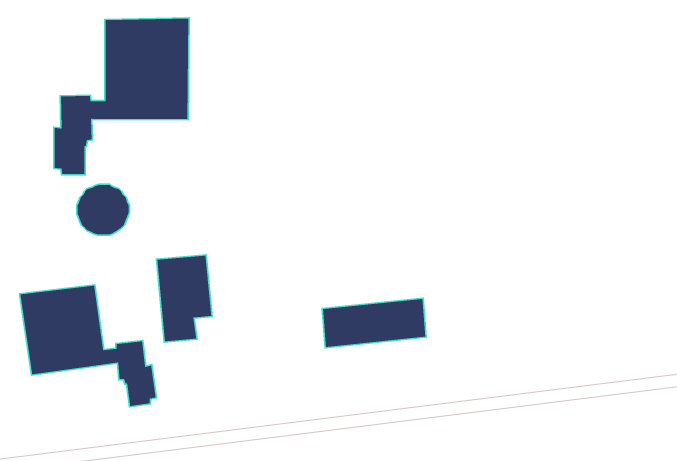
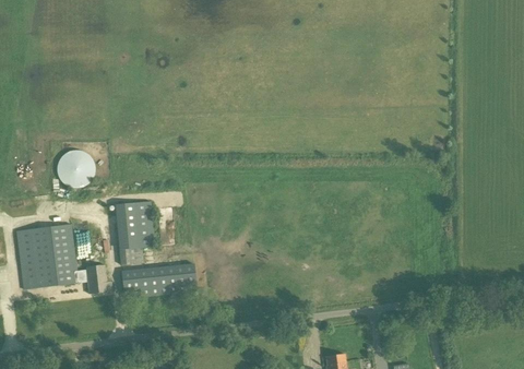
building: [54,18,189,175] -> none
building: [322,298,426,348] -> [121,262,196,298]

